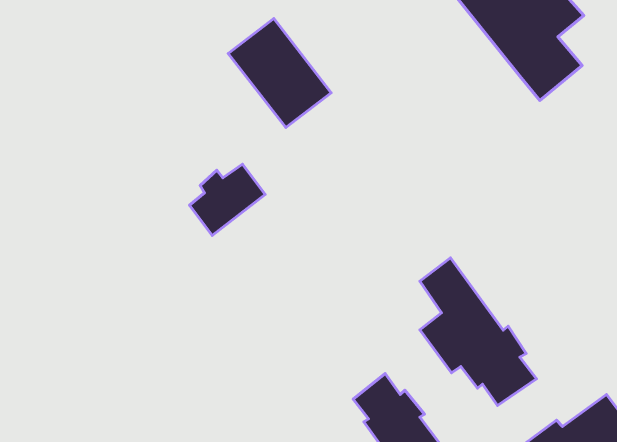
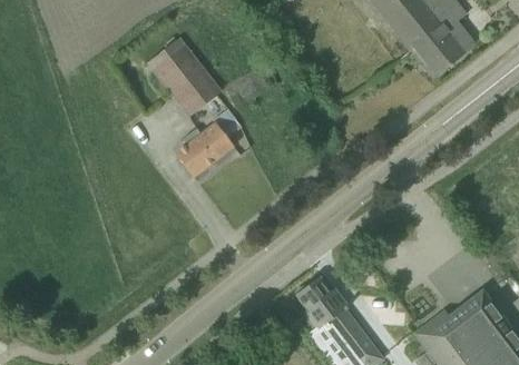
building: [228,19,331,128] -> [148,38,224,118]
building: [420,258,537,405] -> none

